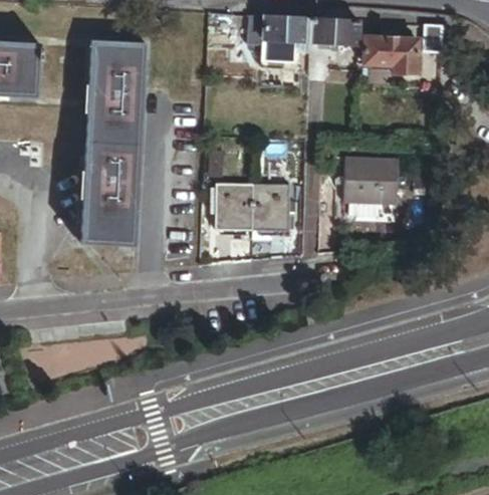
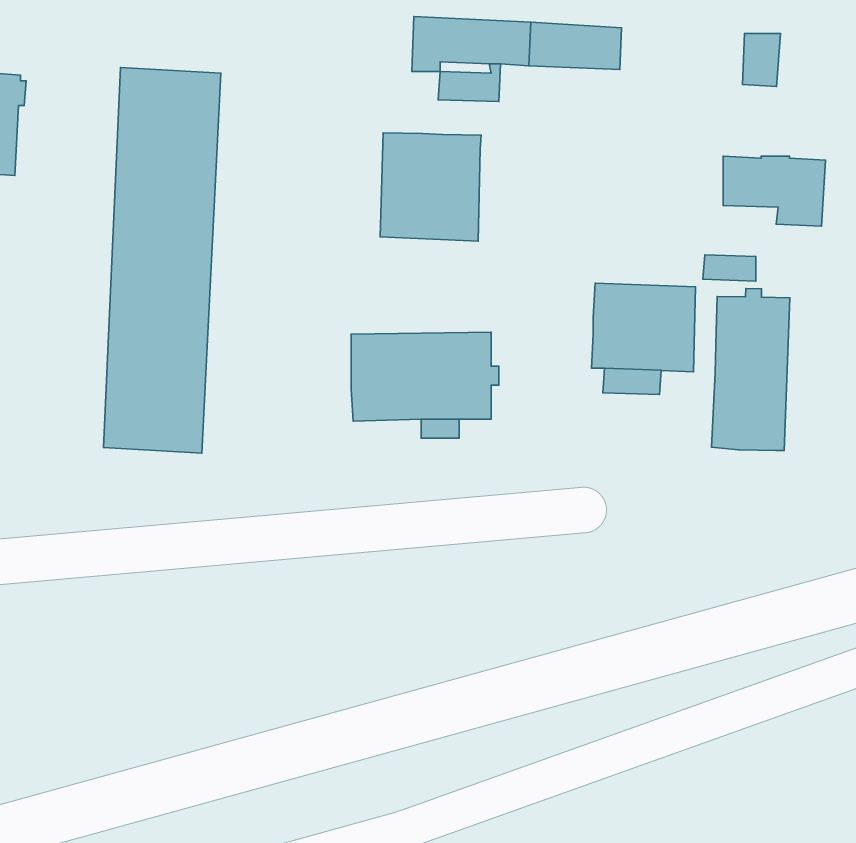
building: [361,36,416,73] -> [723,156,825,226]
building: none -> [380,133,481,241]
building: none -> [712,289,790,451]

